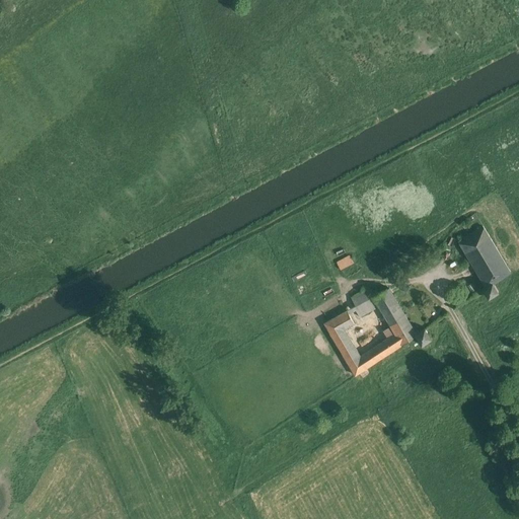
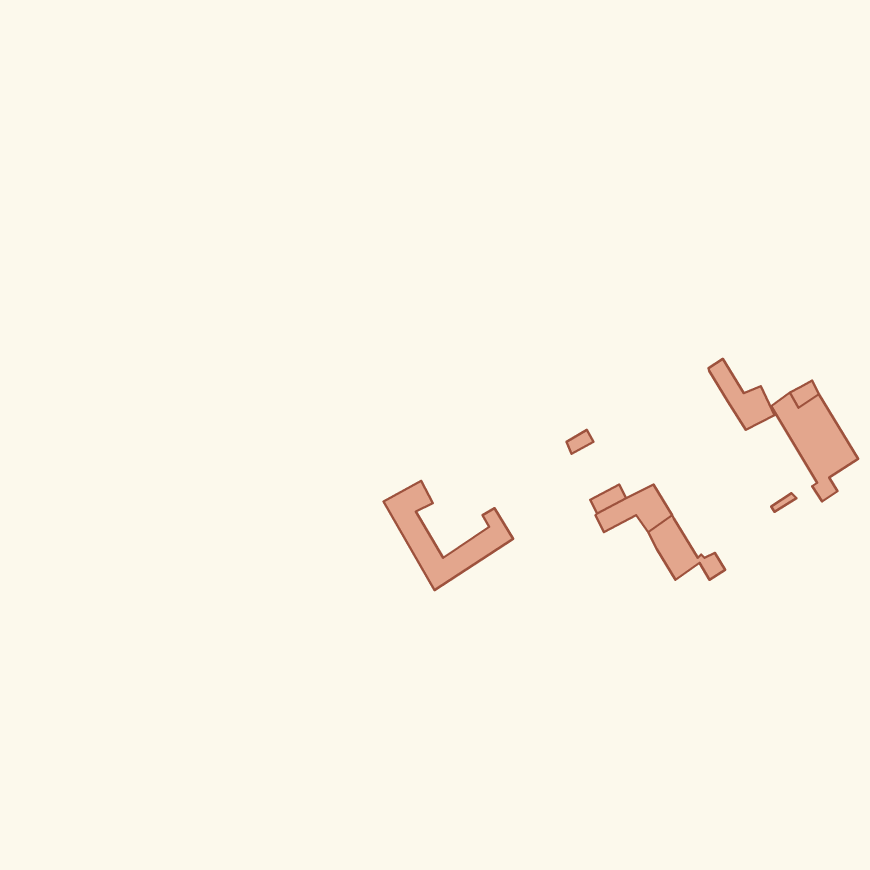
building: none -> [709,359,774,430]
building: [324,311,401,376] -> [383,481,513,590]

